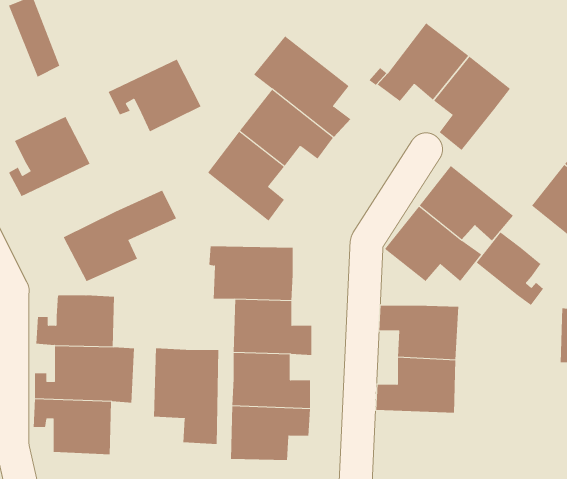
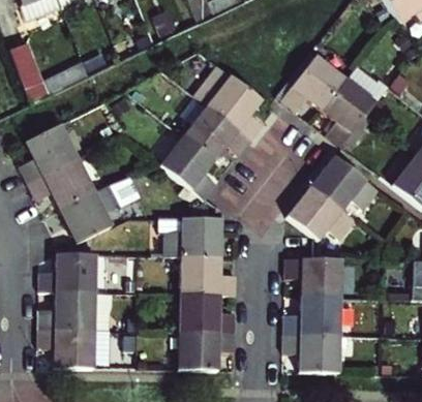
building: [108,59,202,132] -> [28,157,95,210]
building: [476,232,544,306] -> none
building: [153,348,219,445] -> none
building: none -> [282,334,339,374]

